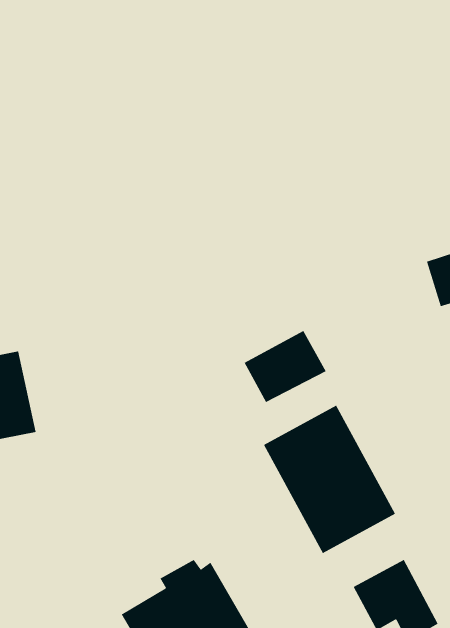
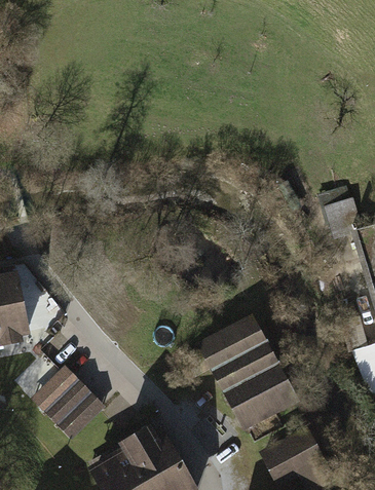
building: [244,330,326,403] -> none
building: none -> [32,368,102,438]

